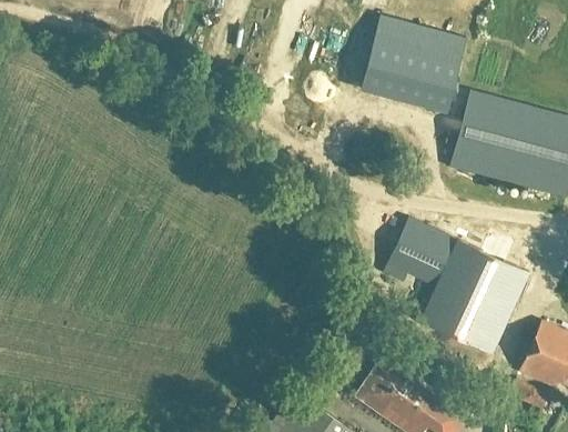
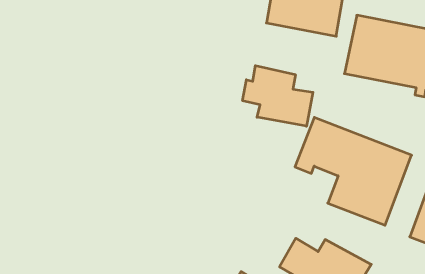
building: none -> [243,66,313,126]

